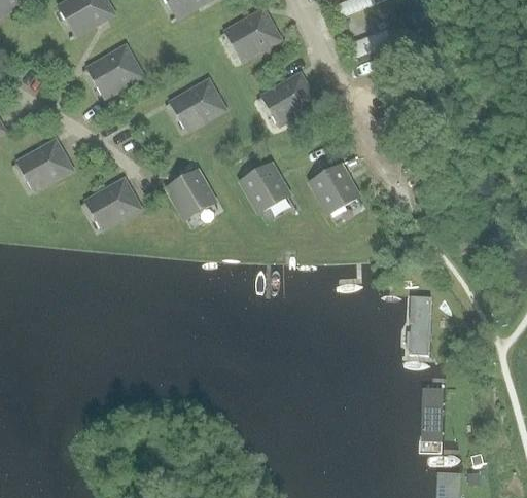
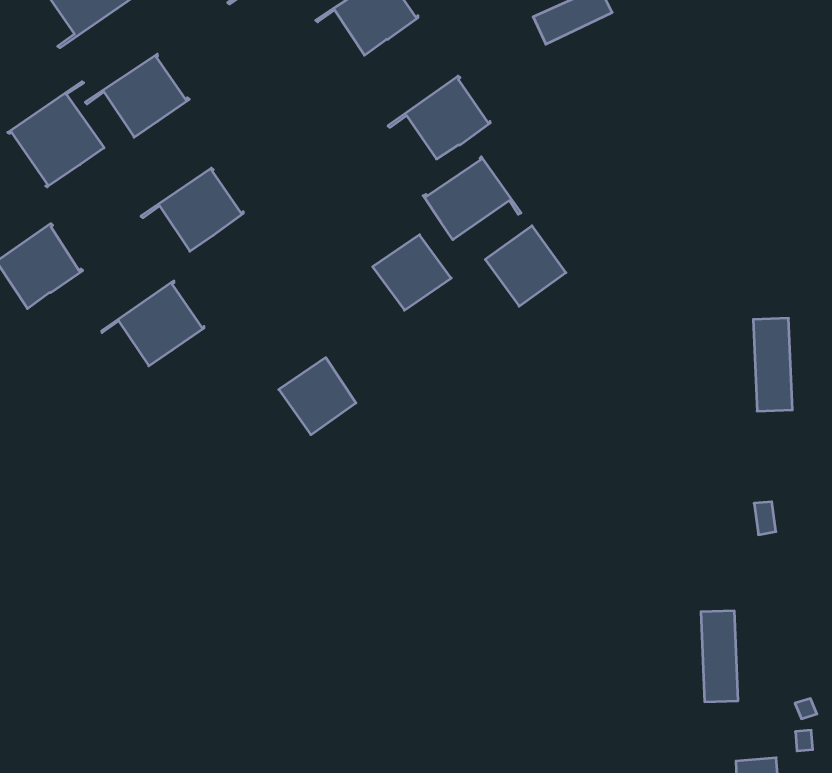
building: none -> [8,82,104,187]
building: [166,80,225,128] -> [141,168,243,251]
building: none -> [423,157,521,240]
building: [168,170,212,214] -> [279,358,356,435]
building: [401,306,424,360] -> [753,318,792,411]

